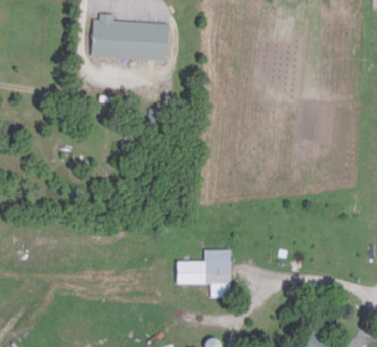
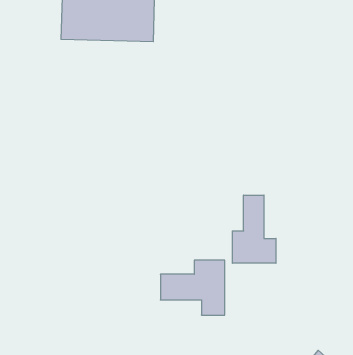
building: none -> [232,195,276,263]

